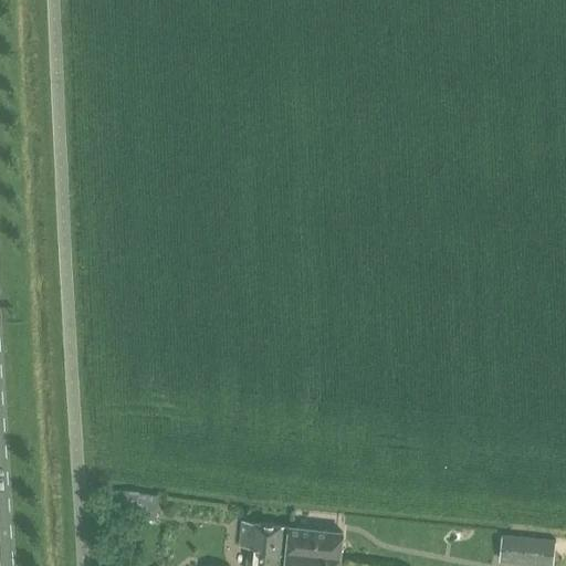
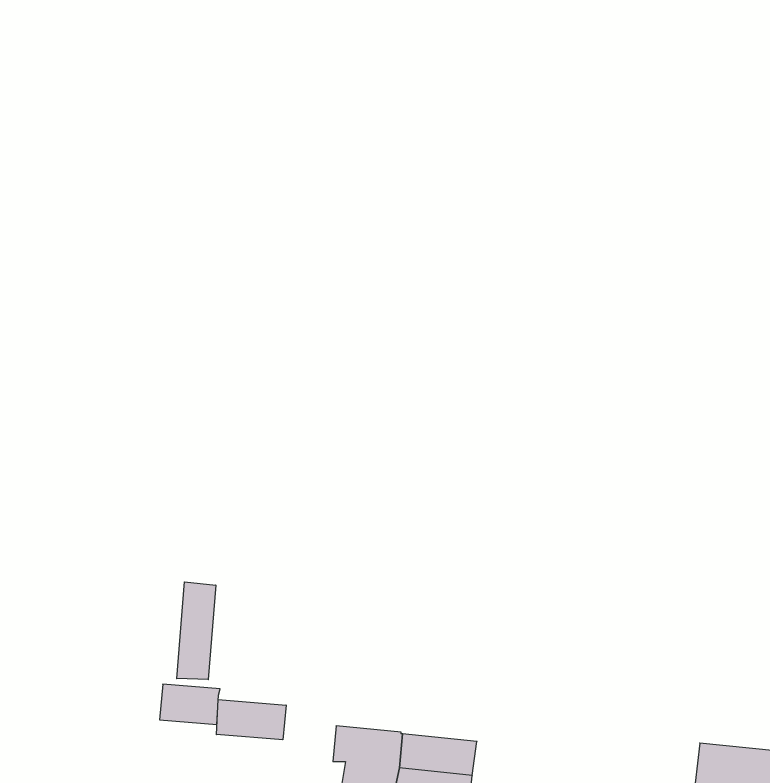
building: none -> [177,582,216,680]
building: none -> [216,700,286,740]

